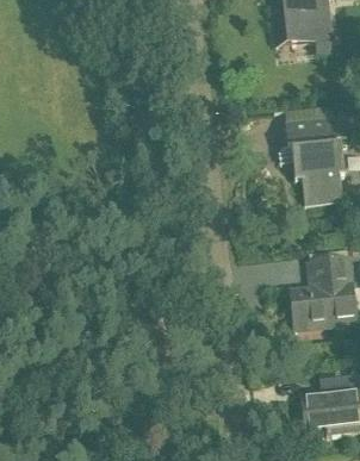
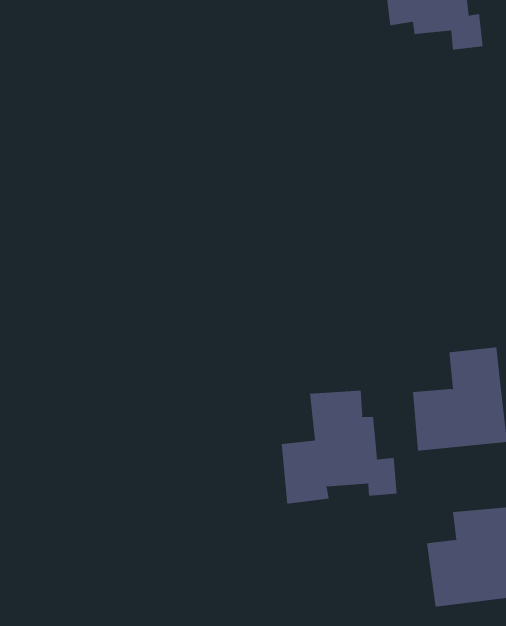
building: [285,106,347,204] -> none
building: none -> [281,390,397,505]

